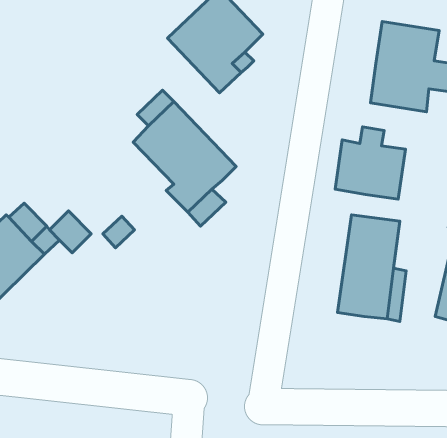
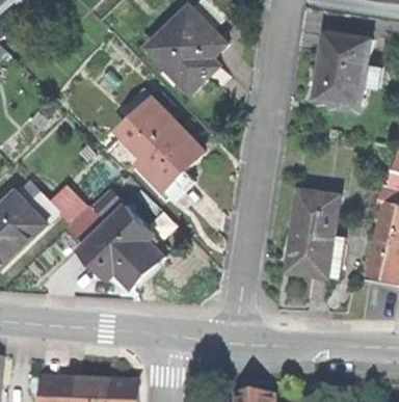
building: [335,127,405,199] -> none
building: none -> [78,204,164,287]

